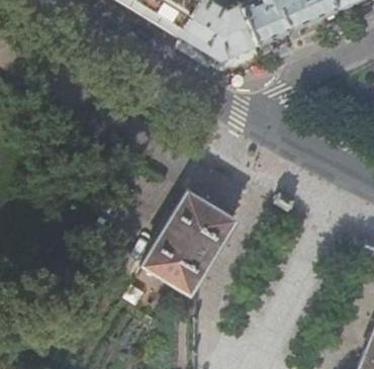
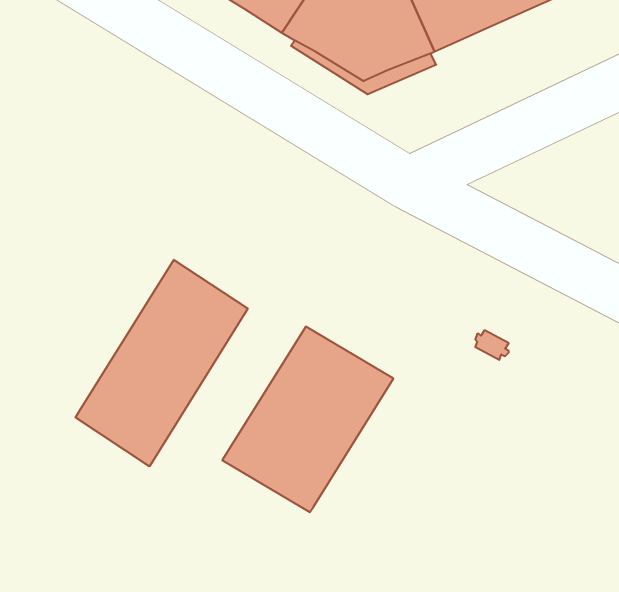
building: none -> [76,260,248,466]

